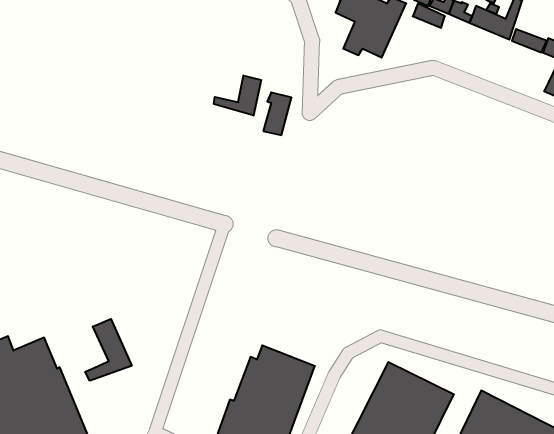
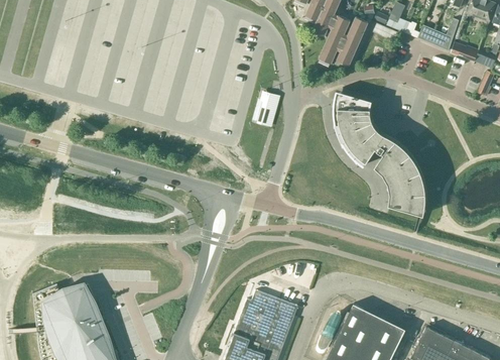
building: [214,75,261,116] -> none
building: none -> [334,91,426,215]
building: [85,319,132,381] -> none

